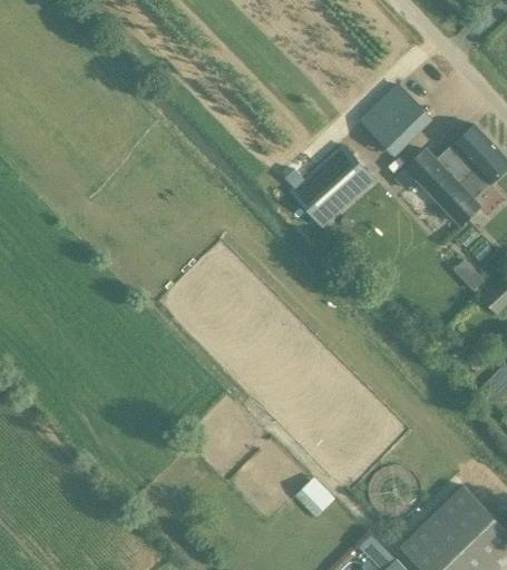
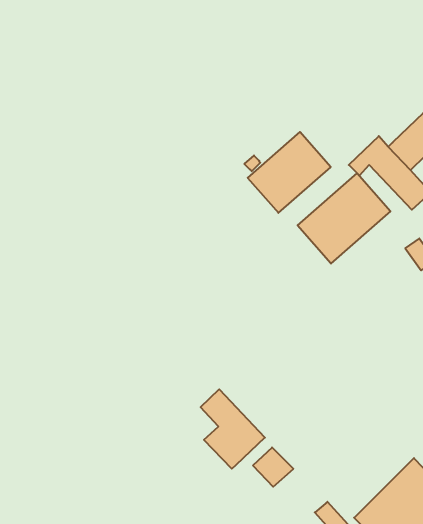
building: [360,83,430,155] -> none
building: none -> [298,173,390,264]
building: none -> [201,389,265,469]

